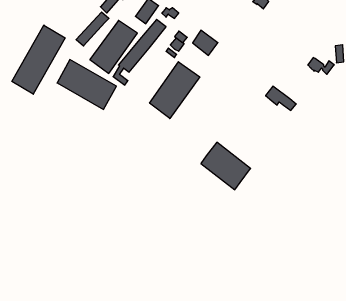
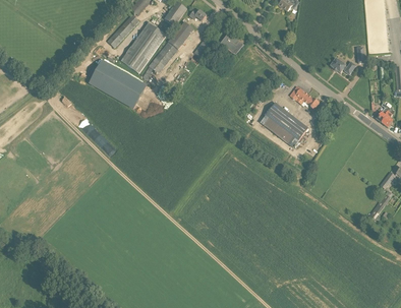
building: [12,25,65,94] -> none
building: [150,62,200,119] -> none
building: [201,142,251,190] -> [260,102,307,147]

